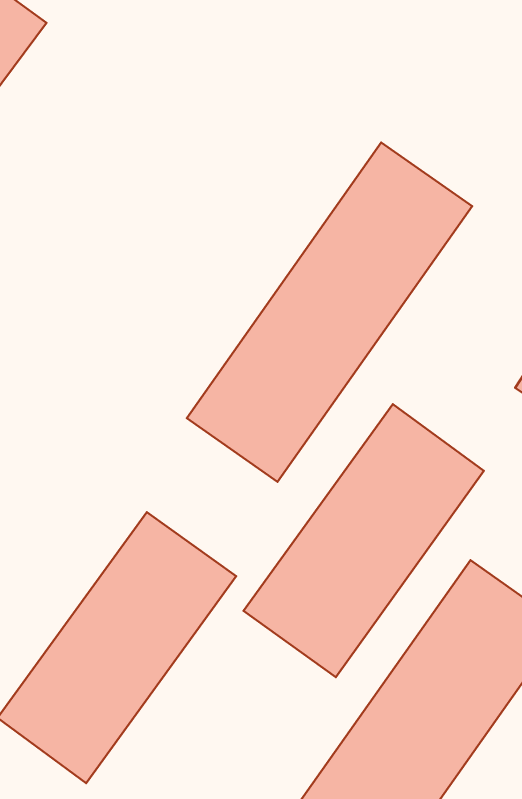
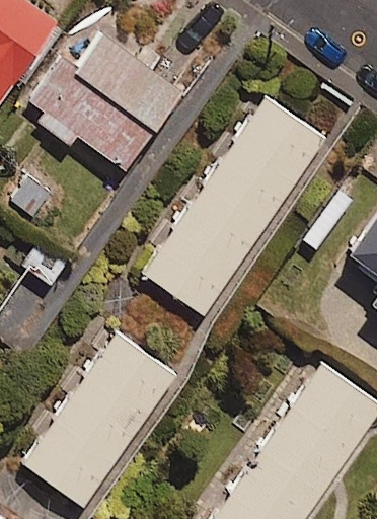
building: none -> [30,33,179,169]
building: [243,404,484,677] -> none

